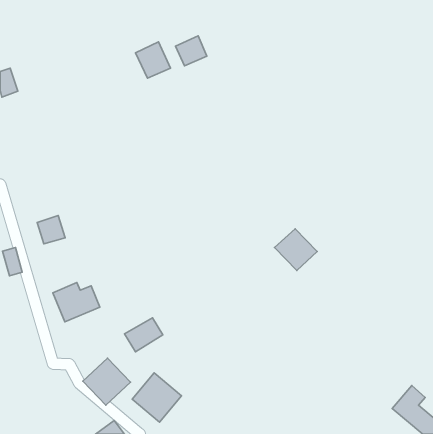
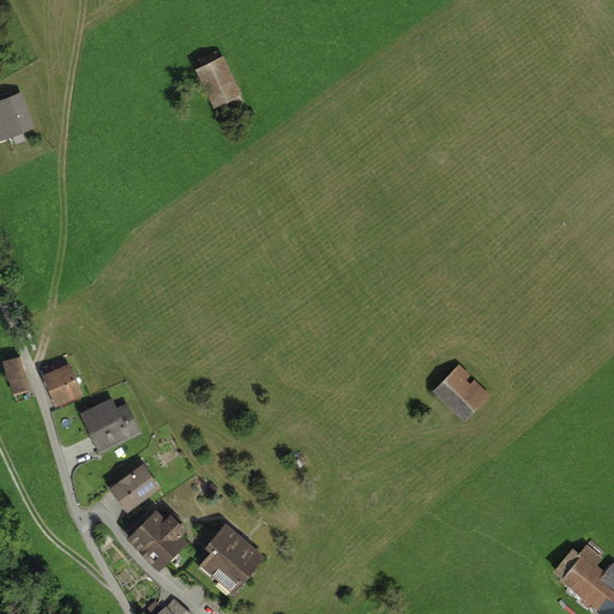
building: [176,36,207,66] -> none
building: [37,216,65,244] -> [47,363,86,403]
building: [275,229,317,270] -> [433,363,493,422]
building: [125,318,163,352] -> [104,462,158,510]

